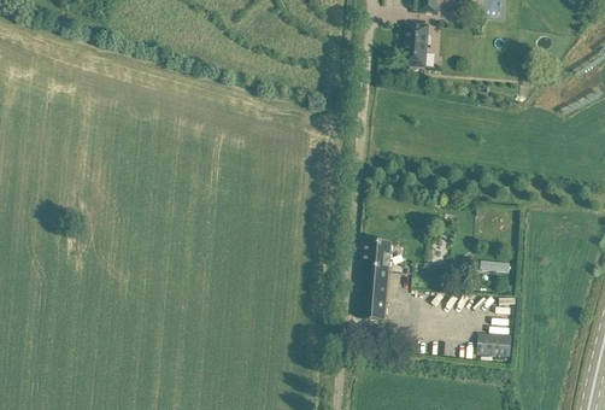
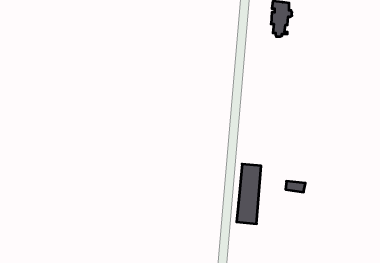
building: [480,333,515,357] -> none

